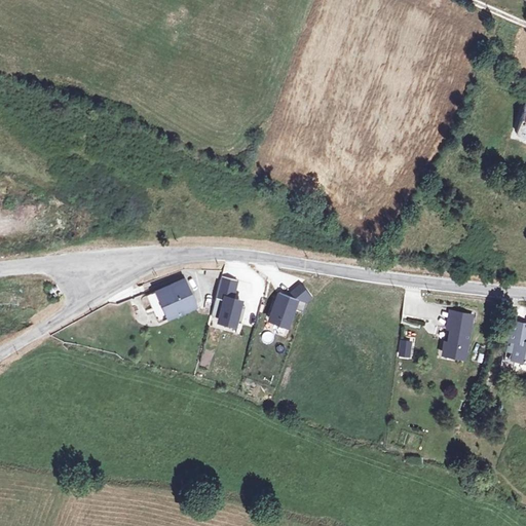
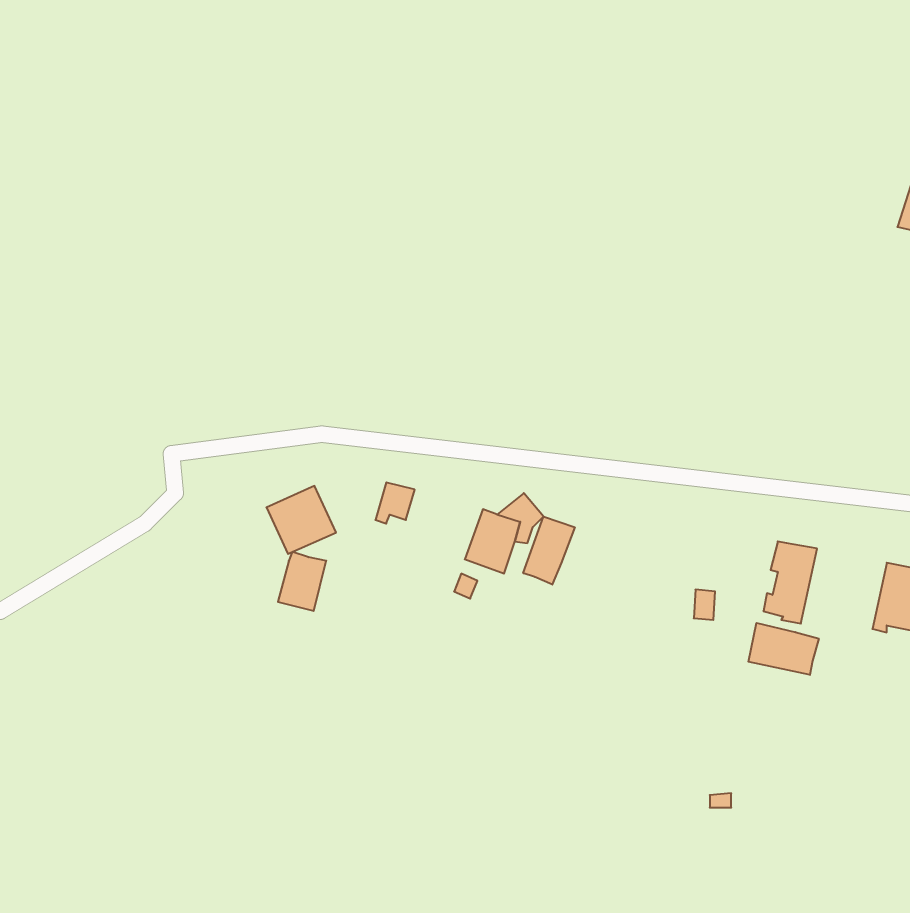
building: [218,296,246,330] -> [278,552,326,611]
building: none -> [523,516,575,585]
building: none -> [748,623,819,675]

